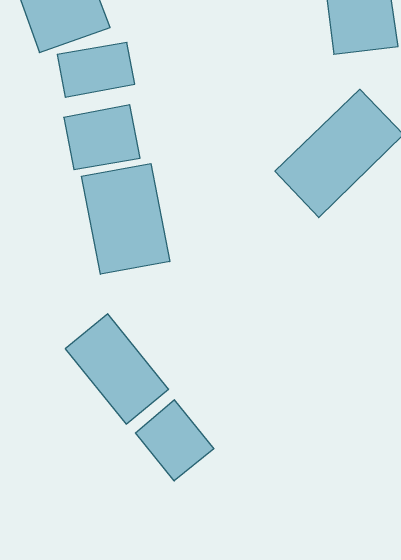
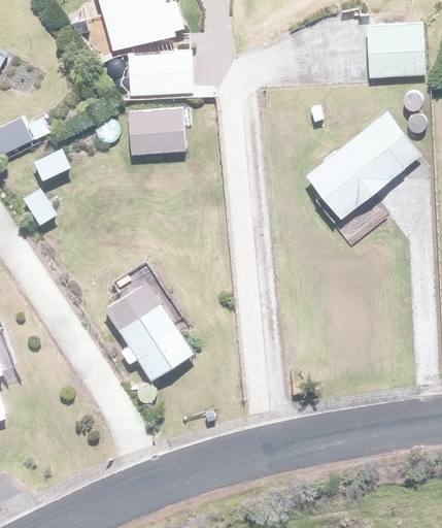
building: [82,164,170,274] -> none
building: [135,400,214,481] -> none

